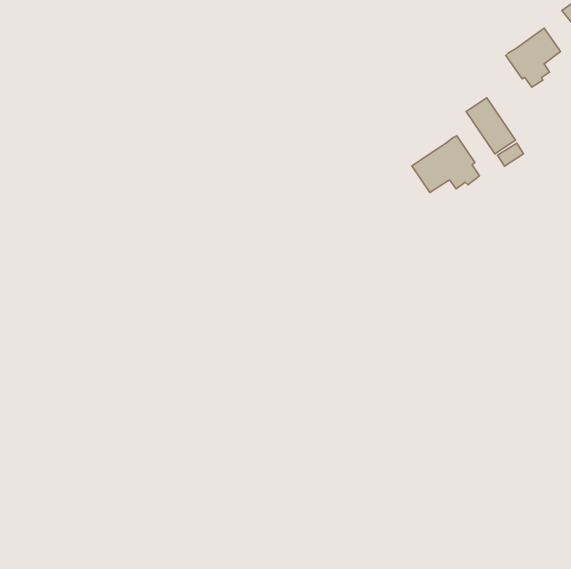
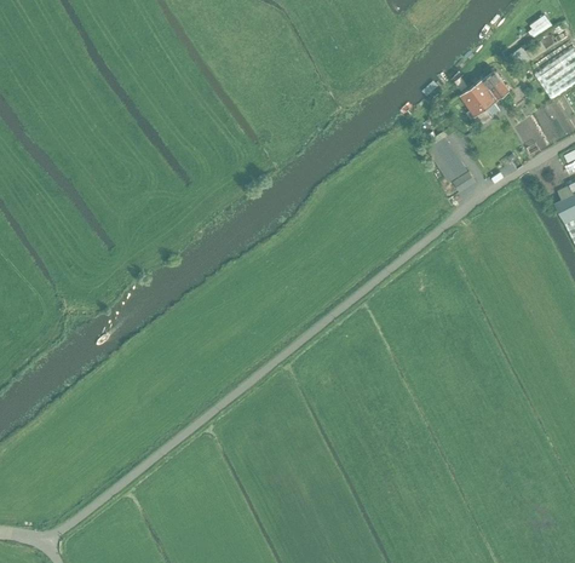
building: [412,136,479,192] -> none

